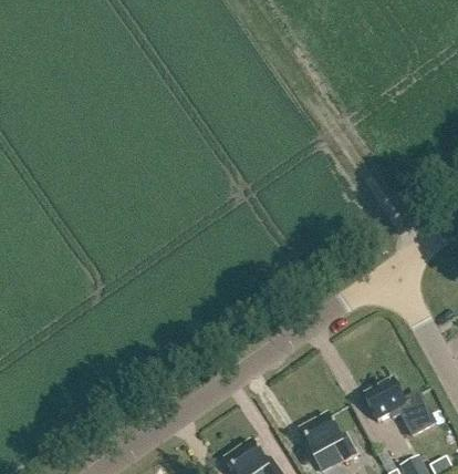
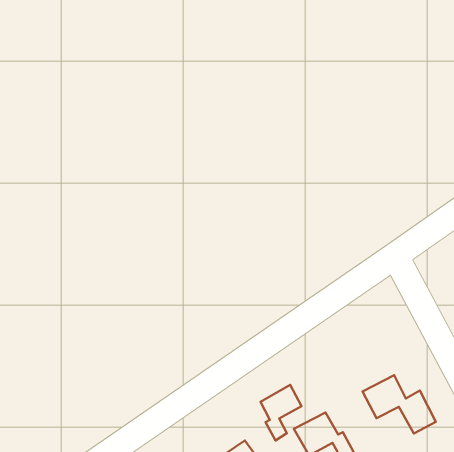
building: none -> [261,385,302,441]

